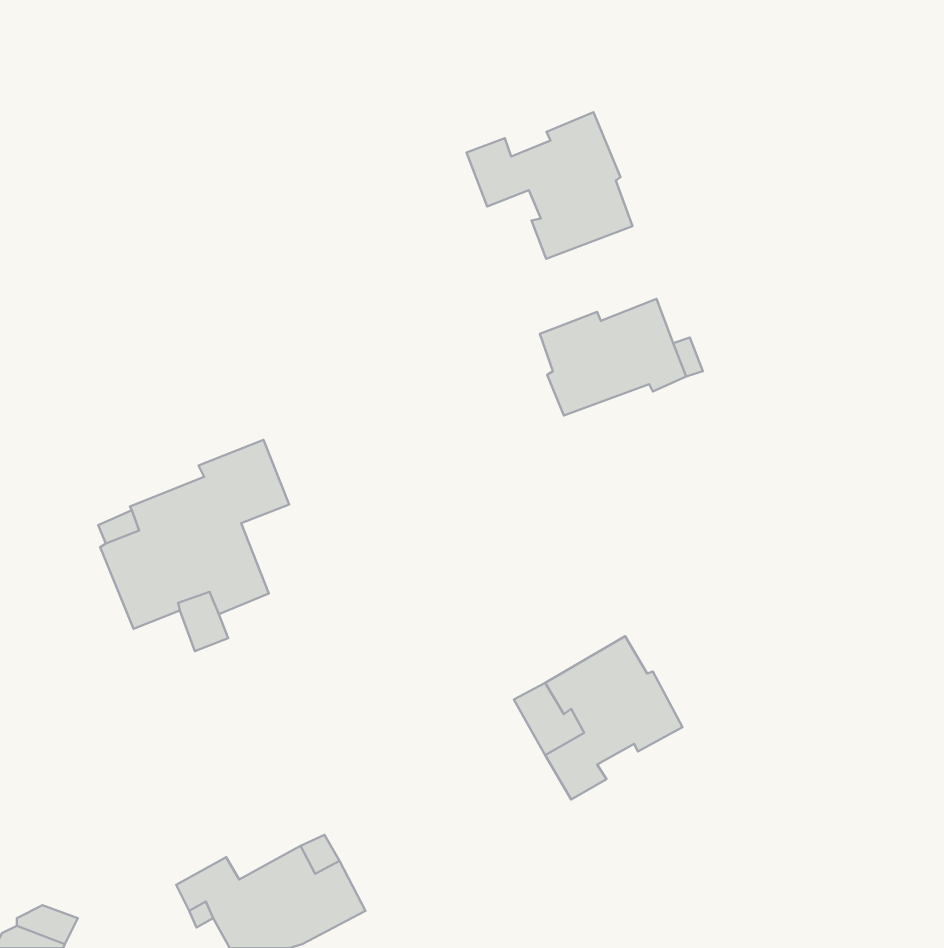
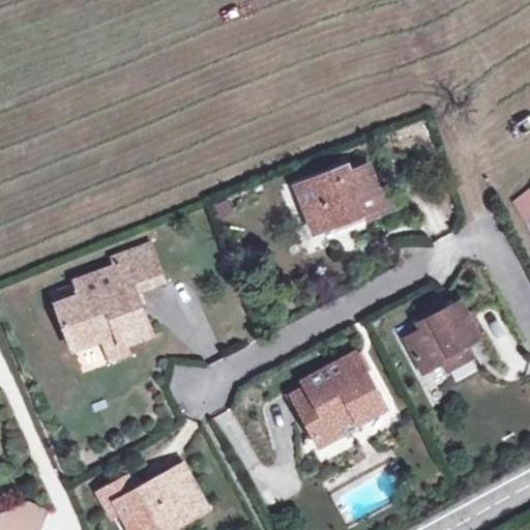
building: [467,112,632,259] -> none
building: none -> [404,303,477,372]

